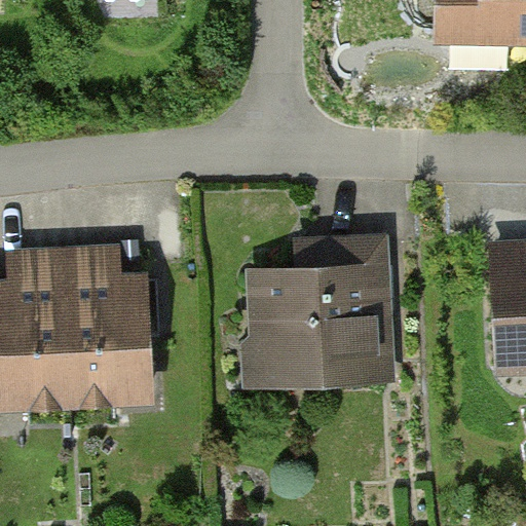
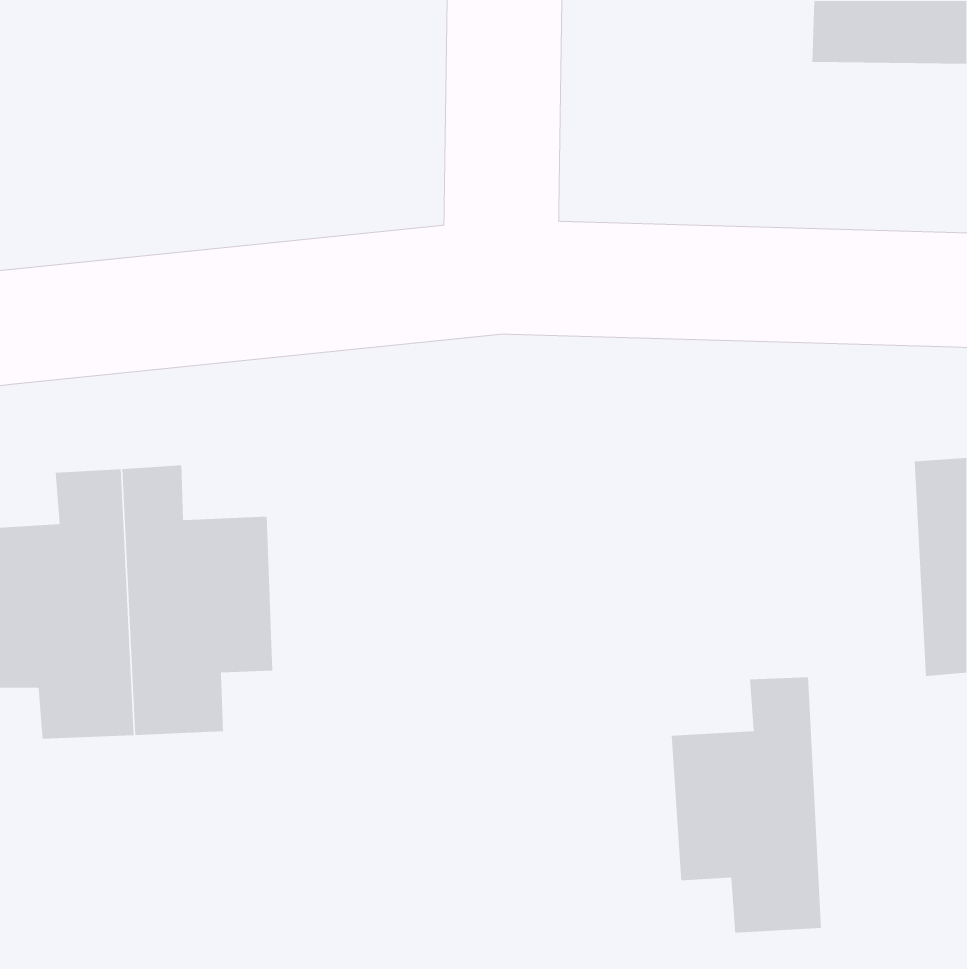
building: [258,241,387,368] -> none
building: none -> [671,677,822,933]

